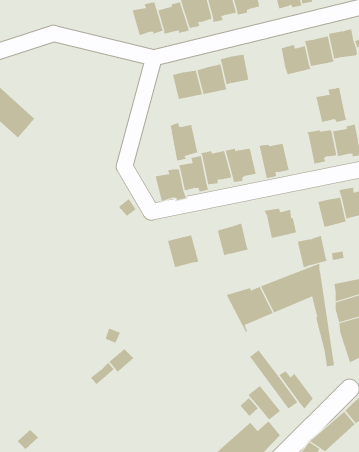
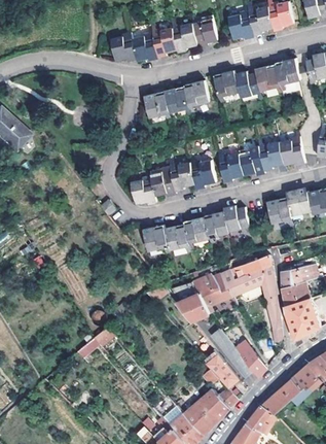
building: none -> [216,68,241,94]
building: [315,87,347,122] -> [240,146,266,176]
building: [170,122,198,161] -> none
building: none -> [164,229,190,257]
building: [297,235,328,268] -> [205,214,230,242]
building: none -> [169,281,208,321]

